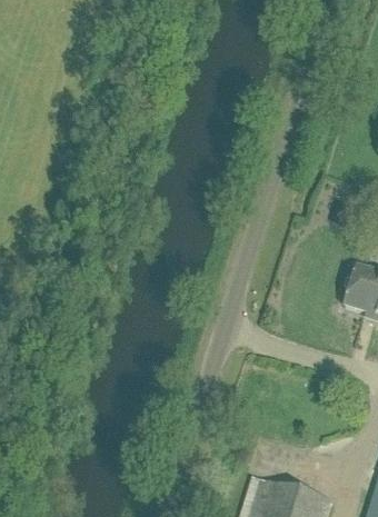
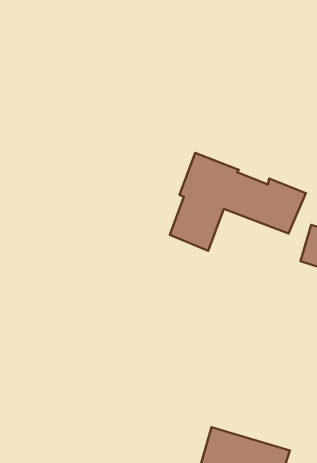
building: none -> [170,153,306,251]

